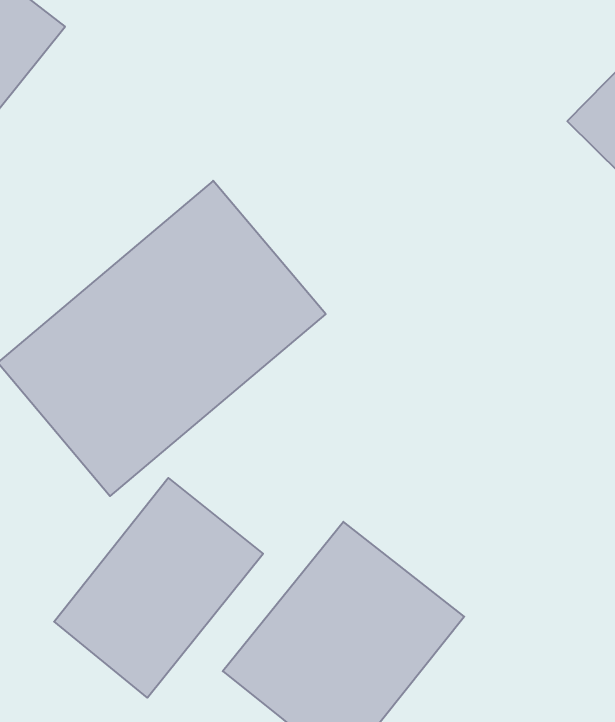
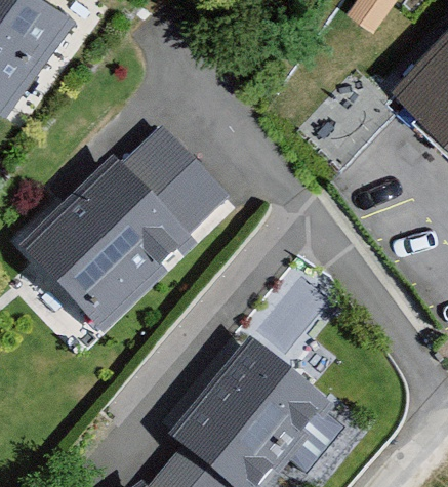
building: [54,478,263,698] -> none

